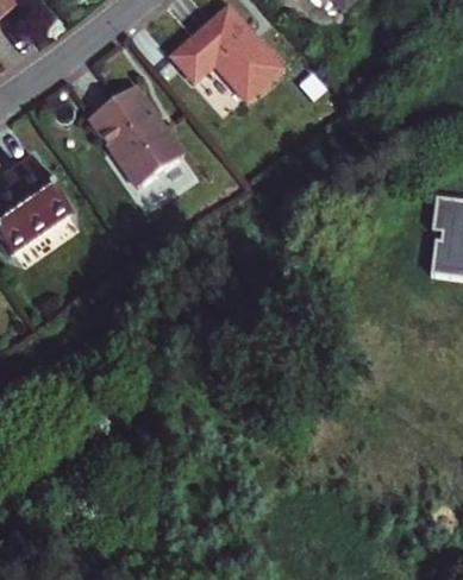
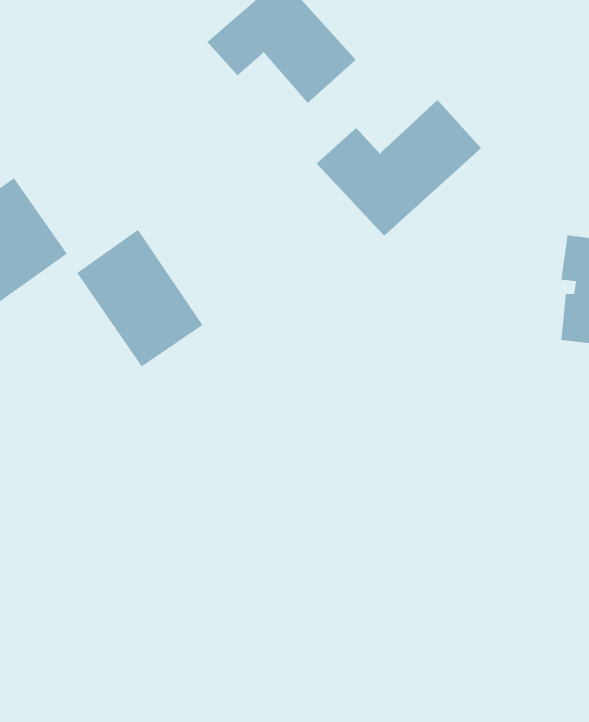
building: [88,84,181,185] -> [76,229,203,368]
building: none -> [316,99,482,236]

